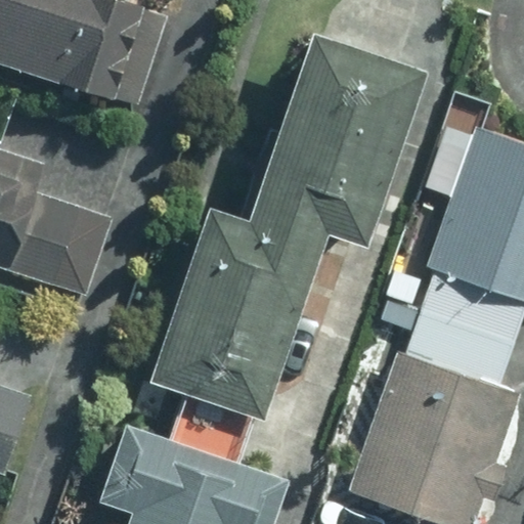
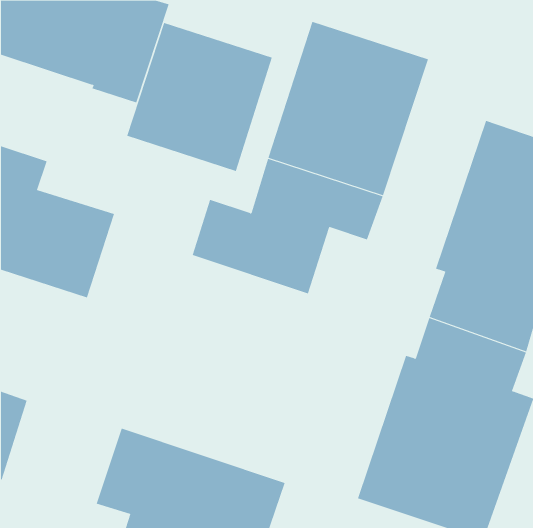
building: none -> [127,22,272,172]
building: [150,258,305,419] -> none

